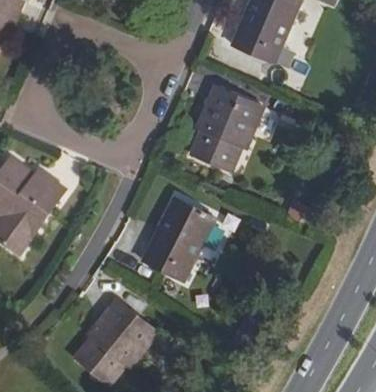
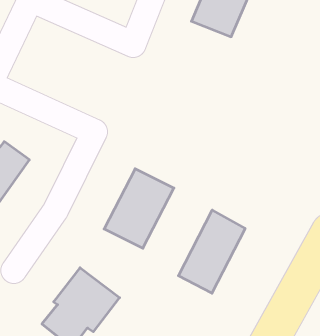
building: [192,87,262,169] -> none
building: none -> [178,210,245,293]

